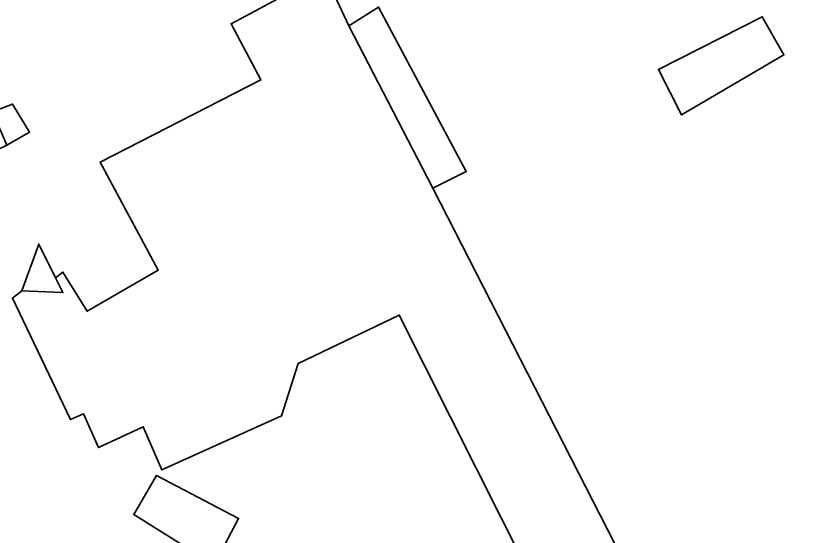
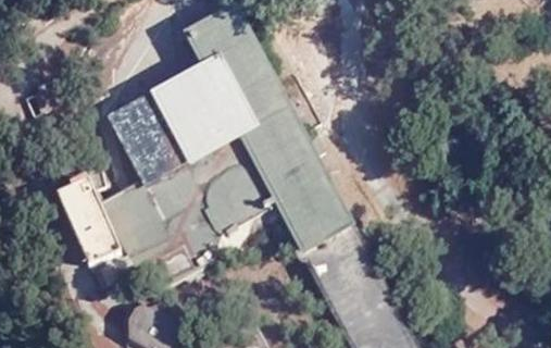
building: [659,17,784,115] -> none

